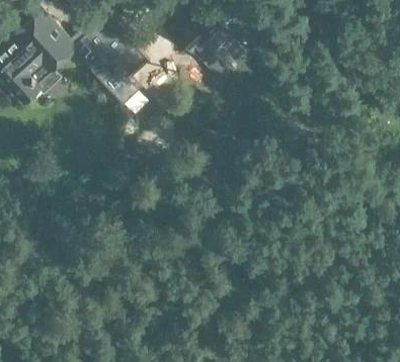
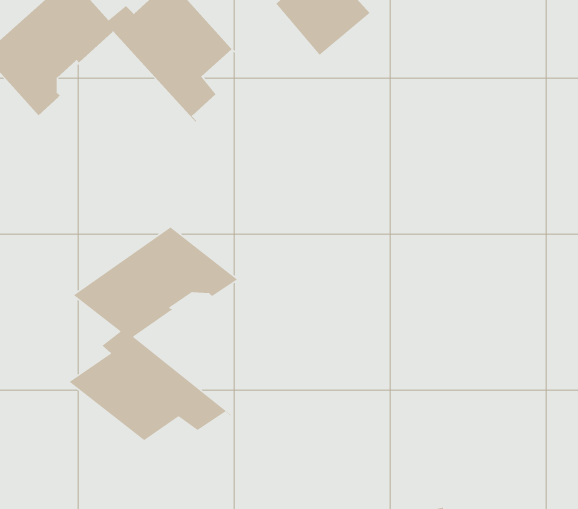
building: none -> [68,226,238,445]

